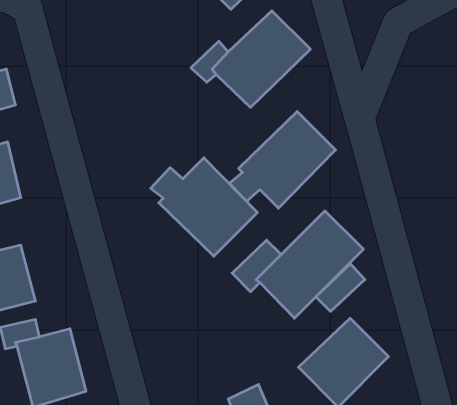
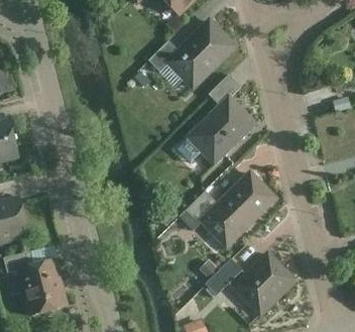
building: [151,158,257,256] -> none
building: [316,264,365,311] -> [204,258,241,295]

